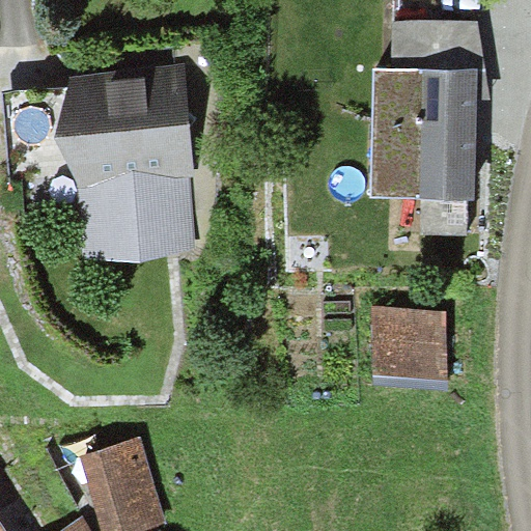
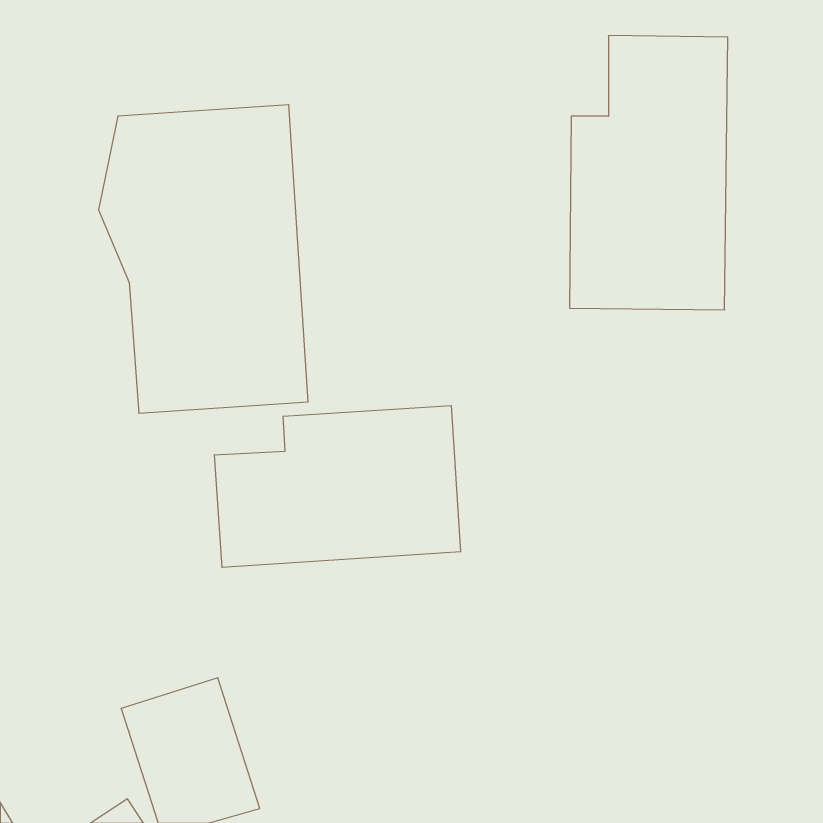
building: none -> [215,406,461,568]
building: [369,314,437,384] -> none

